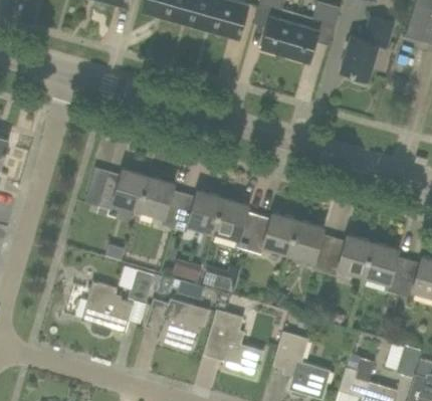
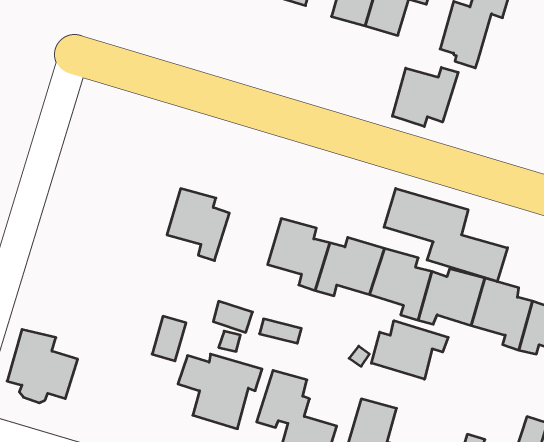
building: none -> [392,67,458,127]
building: [98,168,149,210] -> none
building: none -> [384,188,508,282]
building: [174,190,223,233] -> none
building: none -> [371,321,448,379]
building: [81,282,134,337] -> [7,329,78,403]

